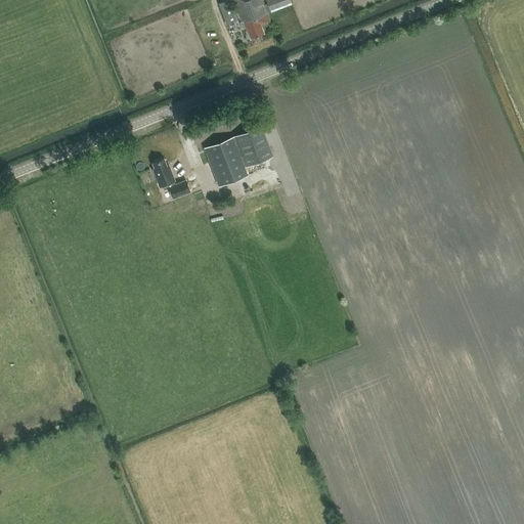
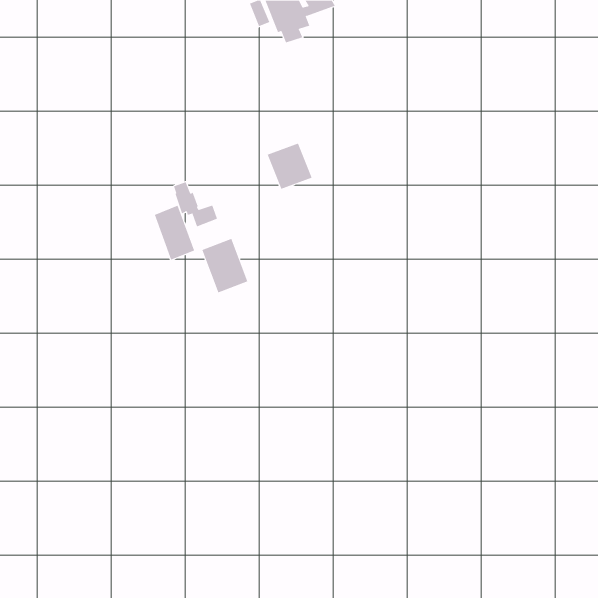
building: [206,136,247,184] -> [201,238,248,293]
building: none -> [154,205,195,261]

